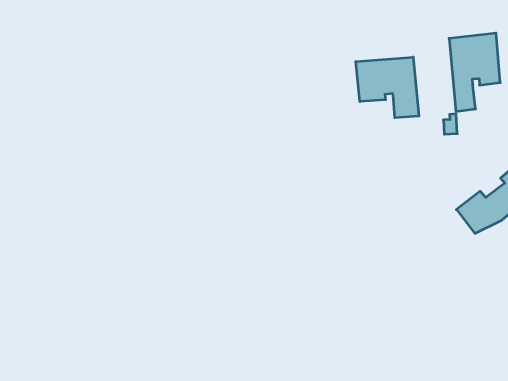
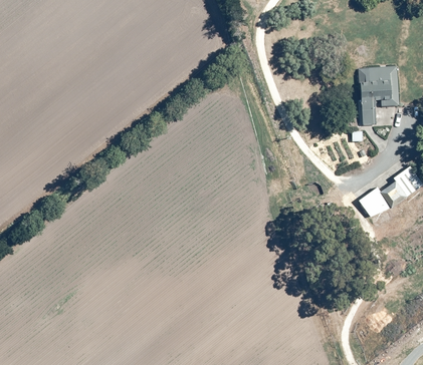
building: [356,57,419,118] -> none

